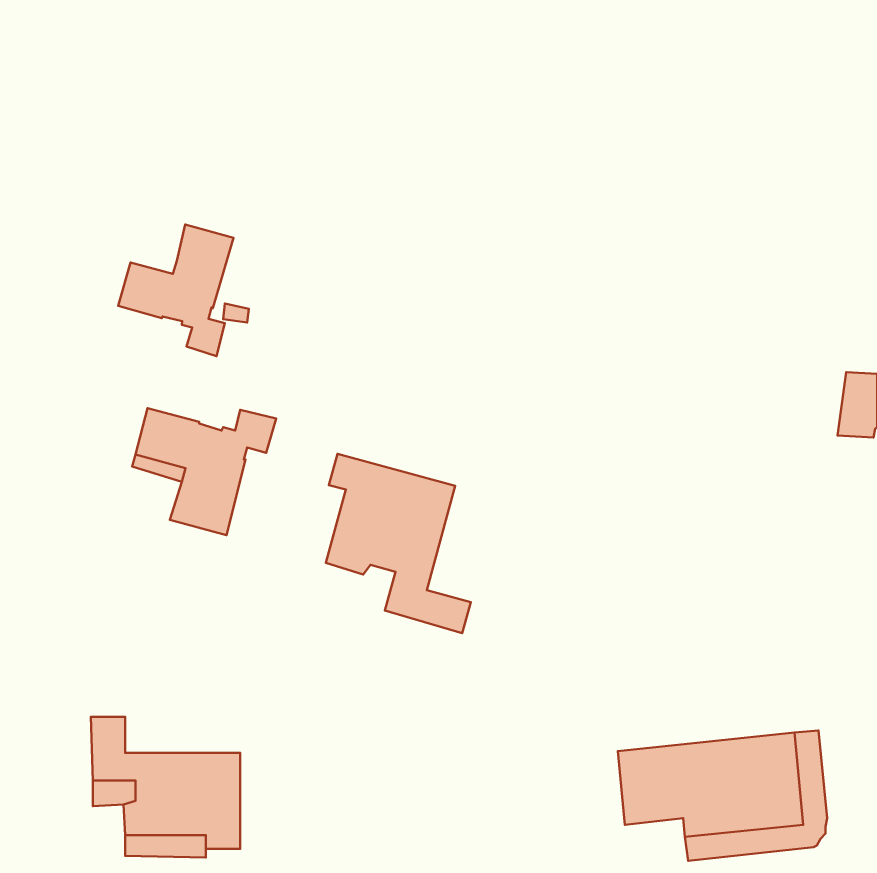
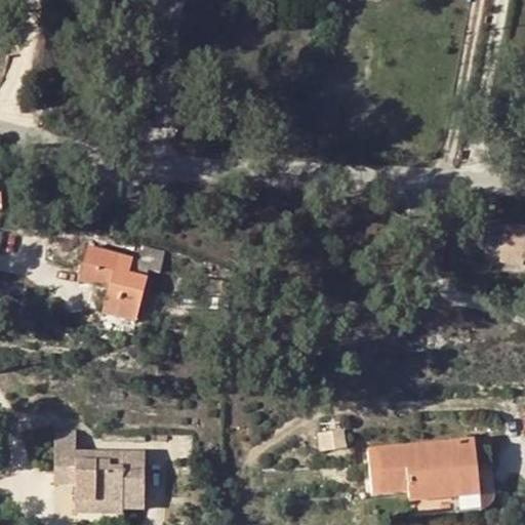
building: [118,225,234,356] -> none
building: [326,454,471,633] -> none

